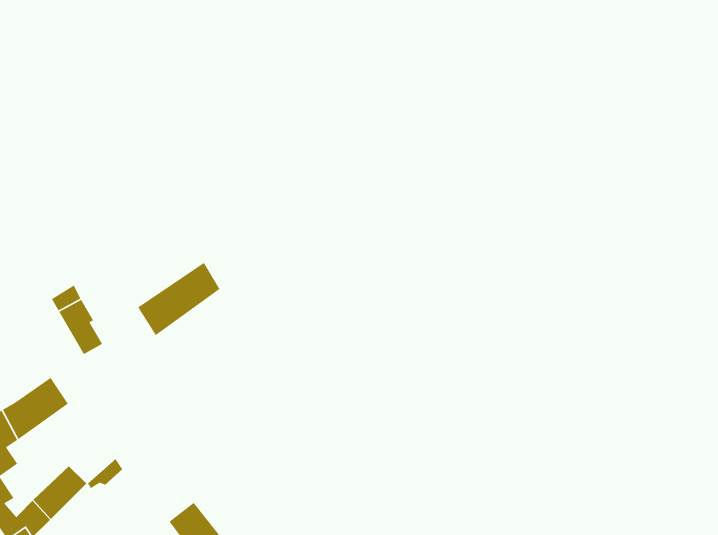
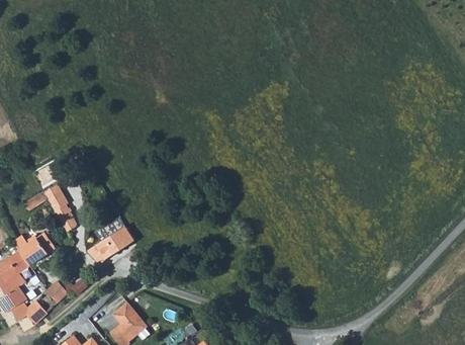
building: [137,262,221,336] -> [87,225,133,266]

